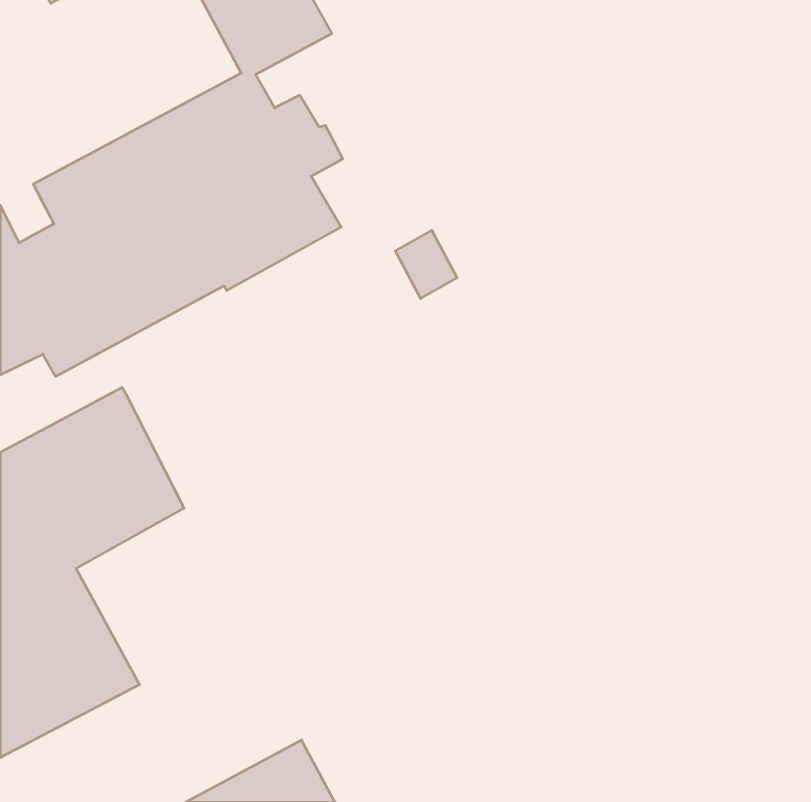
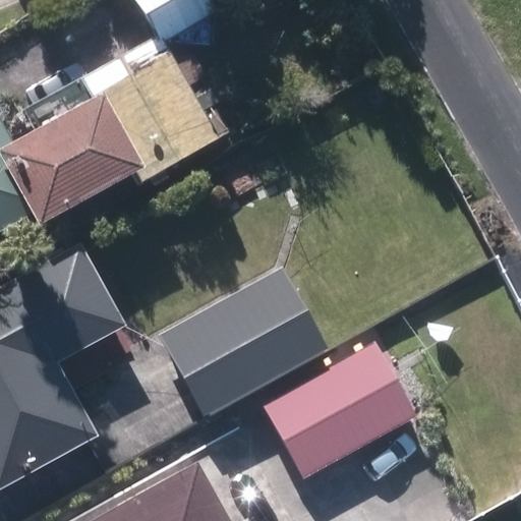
building: none -> [105,267,328,433]
building: none -> [265,341,416,475]

